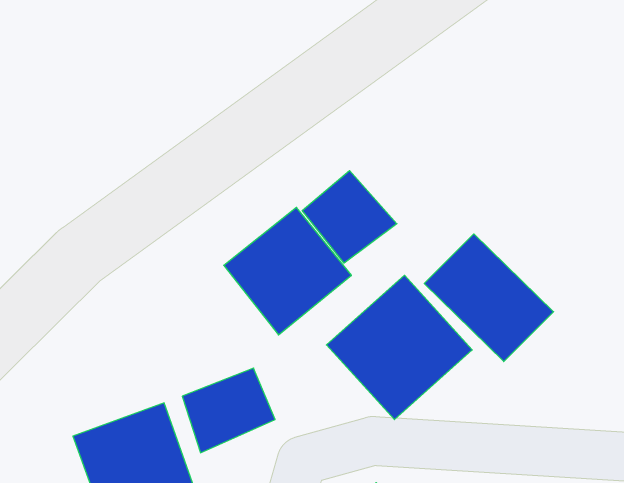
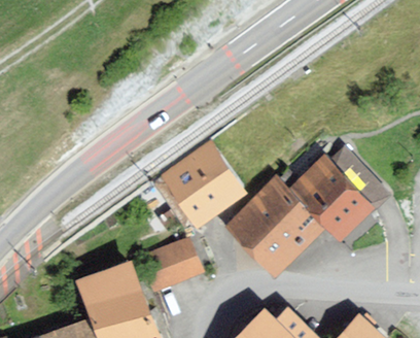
building: [302,171,397,263] -> none

